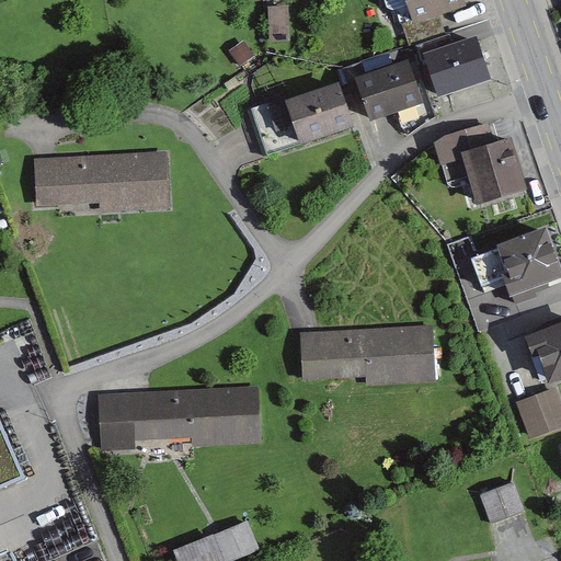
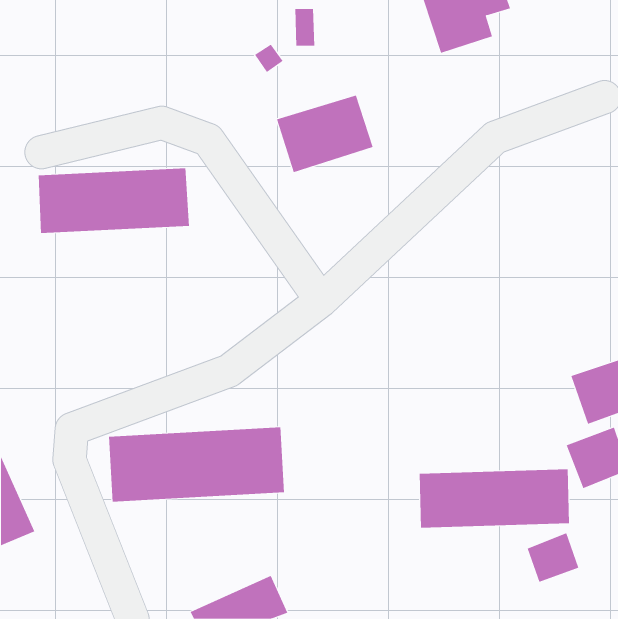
building: [409,35,491,98] -> none
building: [342,65,409,123] -> none
building: [427,125,529,213] -> none
building: [479,232,552,301] -> none
building: [297,327,433,380] -> [419,469,570,528]

